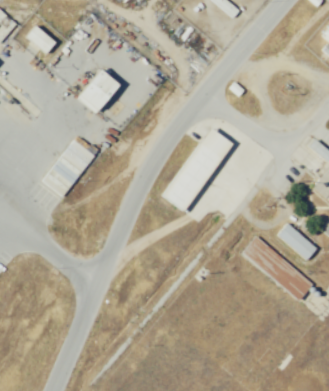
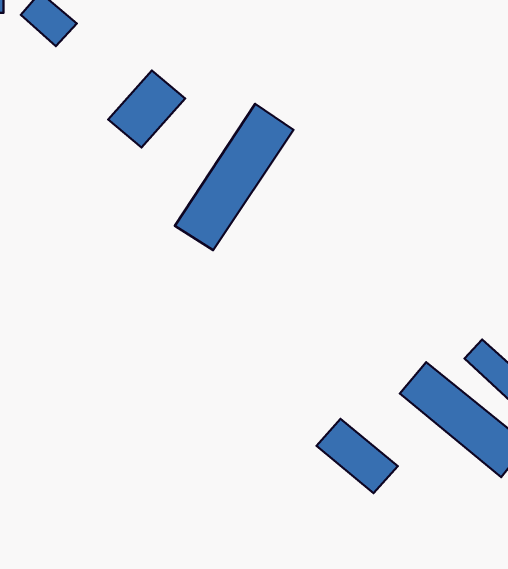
building: [164,127,232,211] -> [175,104,294,250]
building: none -> [316,419,398,493]

